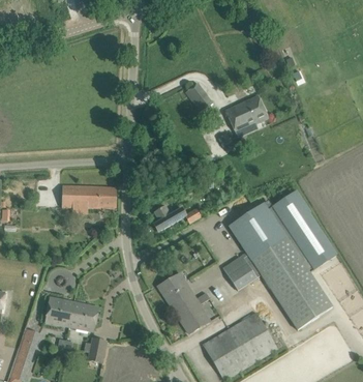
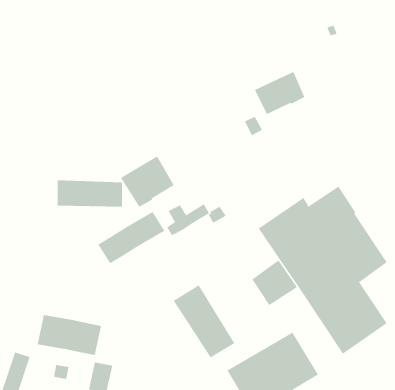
building: [184,83,212,112] -> none
building: none -> [120,155,175,208]
building: none -> [98,211,165,264]

